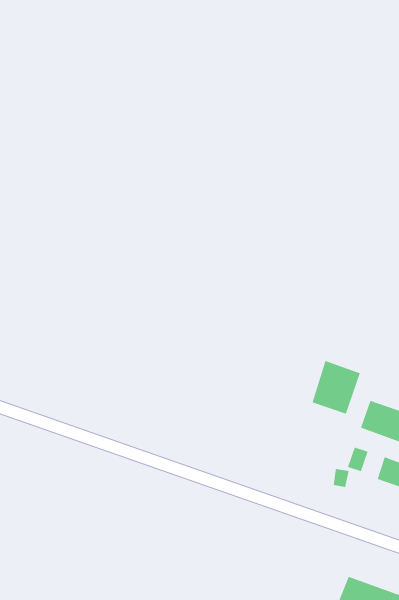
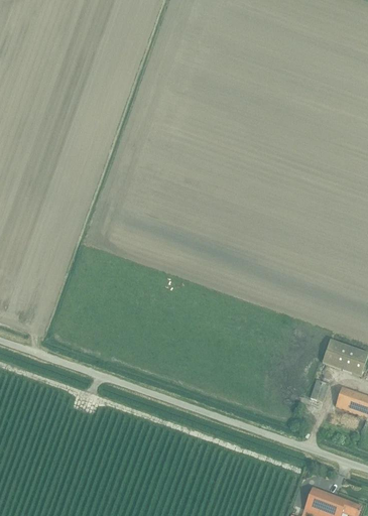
building: [312,360,360,414] -> none

